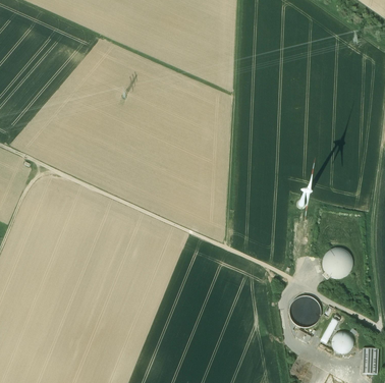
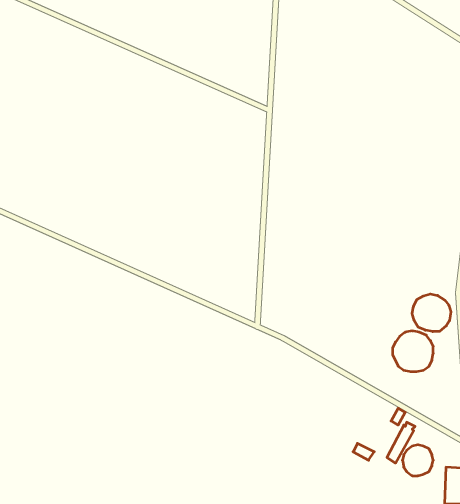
building: none -> [412,294,451,332]
building: [289,295,321,327] -> none

